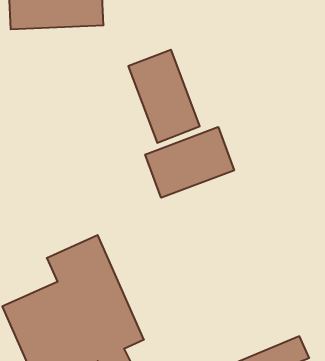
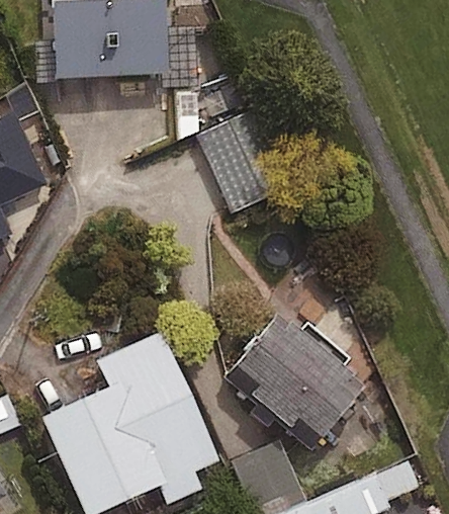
building: [145,127,234,198] -> none
building: none -> [234,313,366,438]

